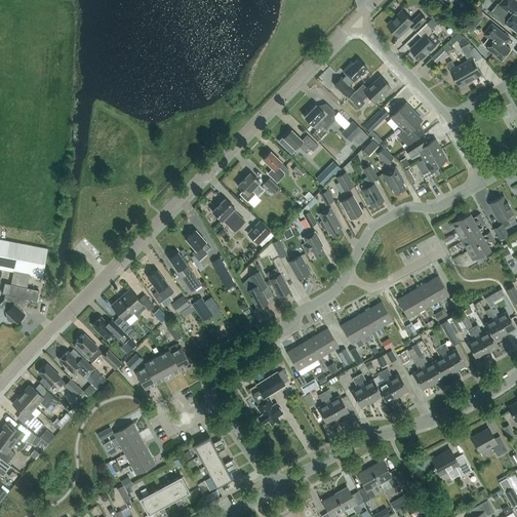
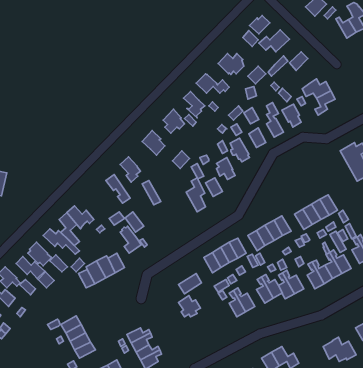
building: [398,112,424,147] -> none
building: [148,271,173,304] -> [120,226,141,253]
building: [248,272,268,309] -> none

